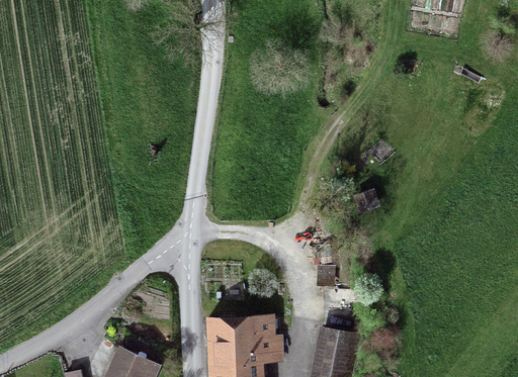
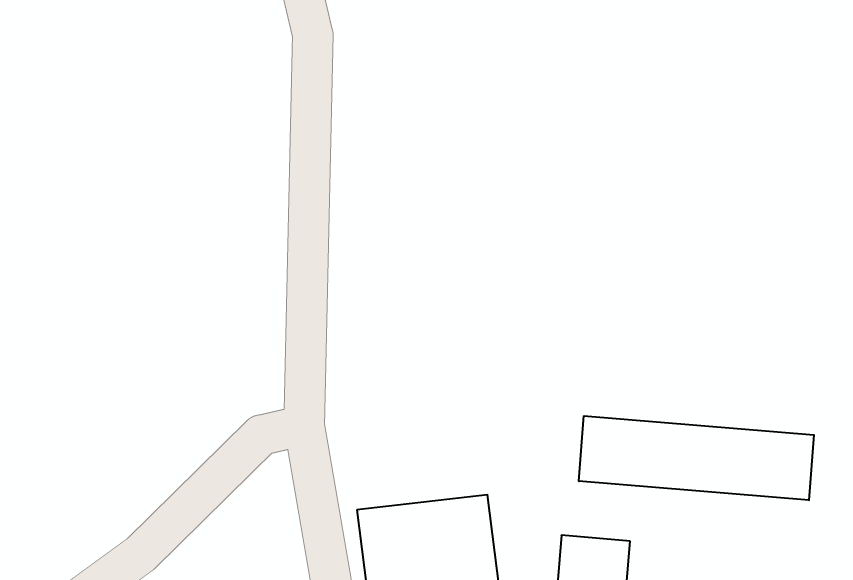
building: none -> [579,416,814,500]

